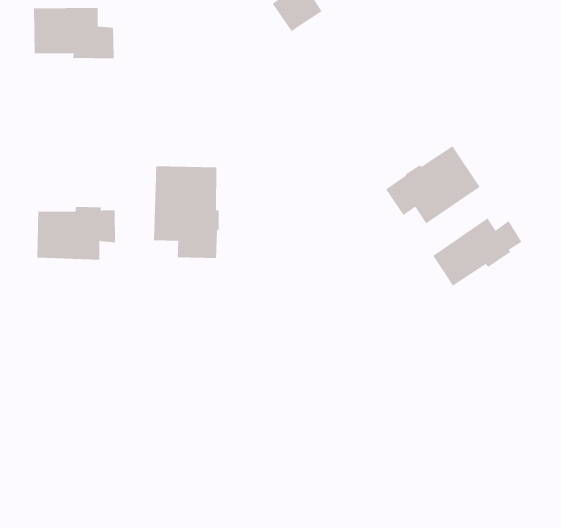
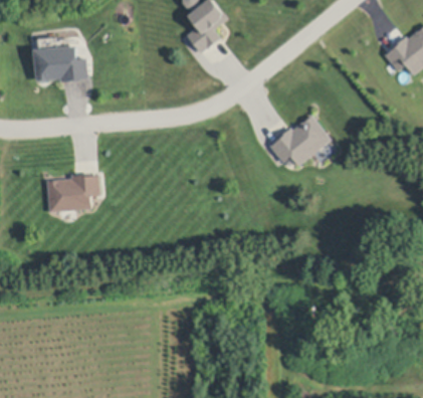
building: [154,166,219,259] -> none
building: [432,217,522,286] -> none

